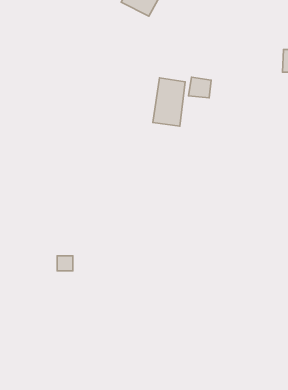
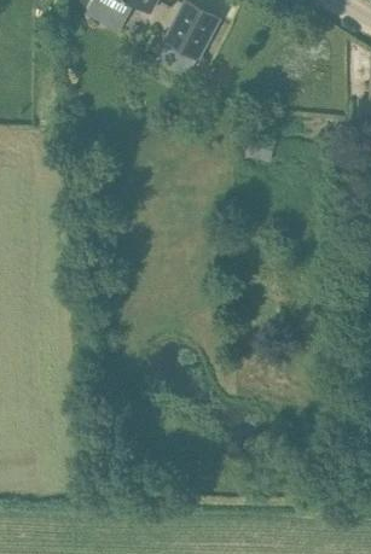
building: [153,78,185,126] -> none

